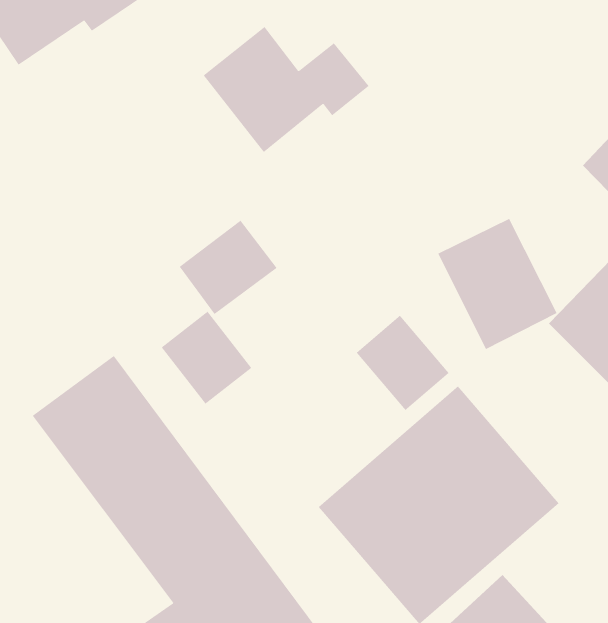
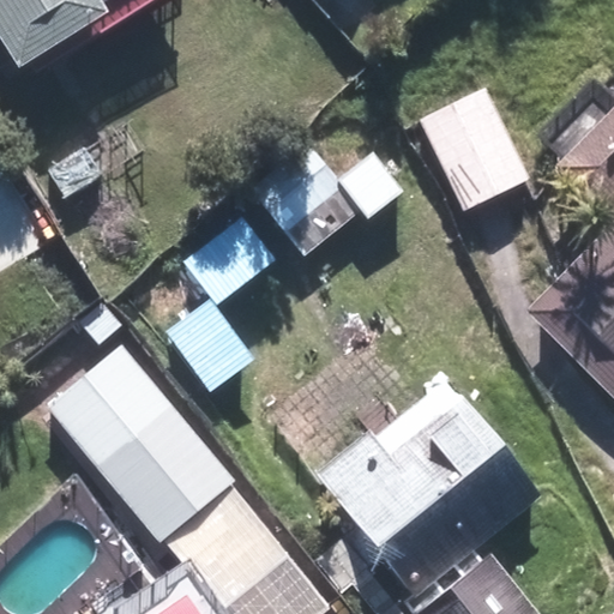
building: [203,26,370,153] -> [247,136,405,255]
building: [437,218,558,350] -> [416,86,530,211]

